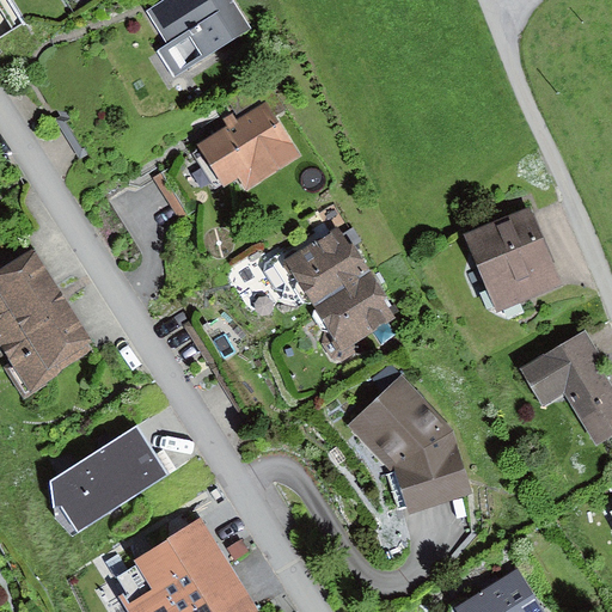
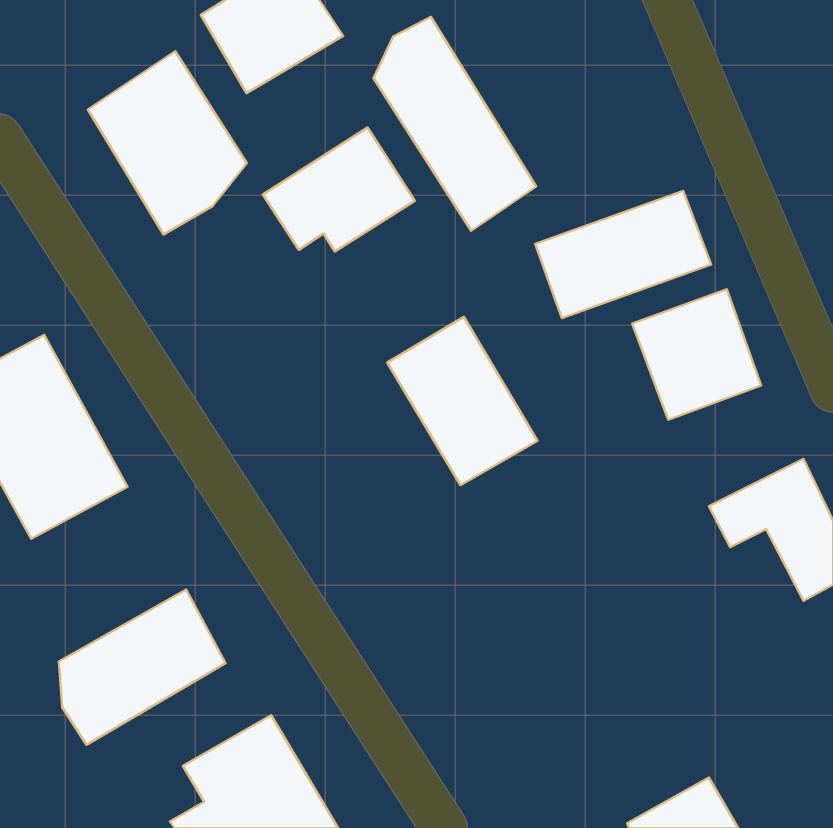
building: none -> [373,17,536,231]
building: none -> [88,51,247,235]
building: none -> [535,191,711,318]
building: [348,373,475,514] -> none

